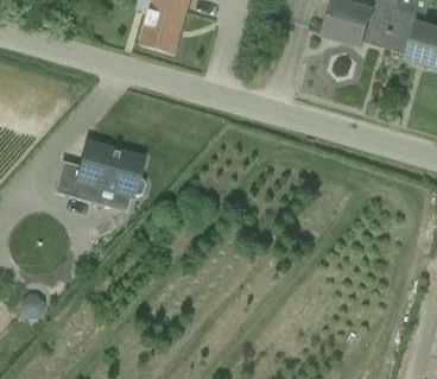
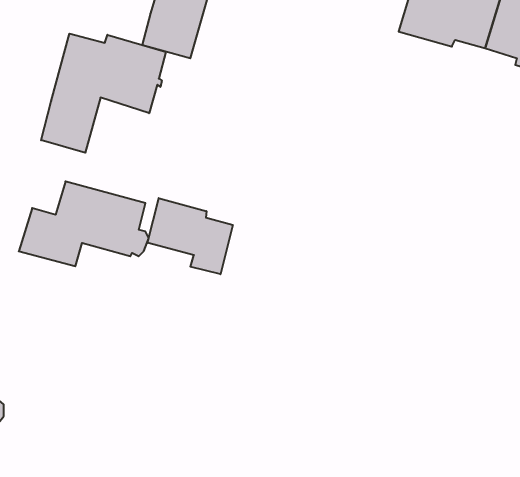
building: none -> [41,34,166,153]
building: none -> [148,198,233,274]

